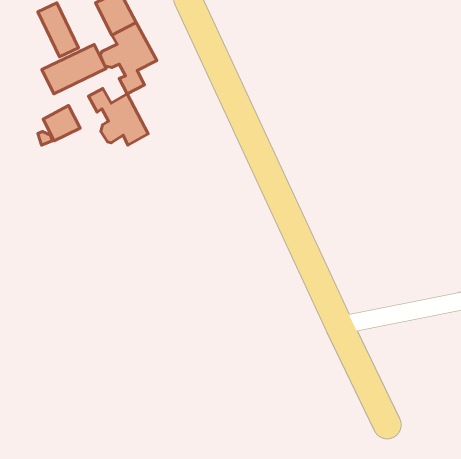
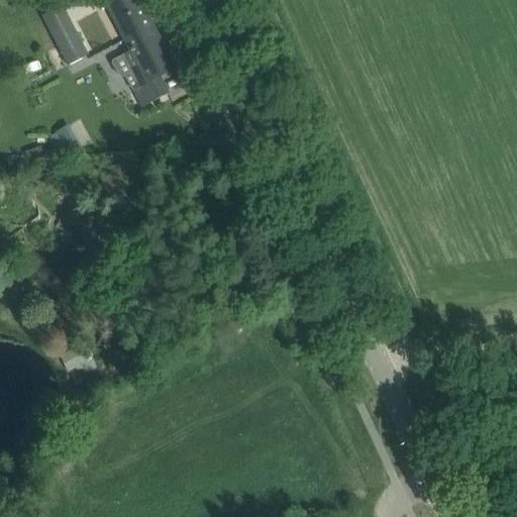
building: [42,44,106,94] -> none
building: [89,88,148,145] -> none

